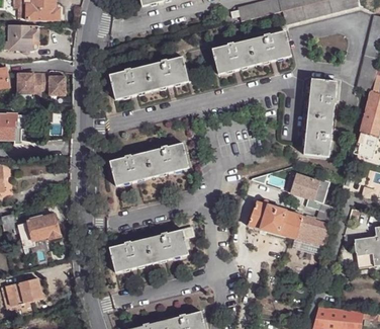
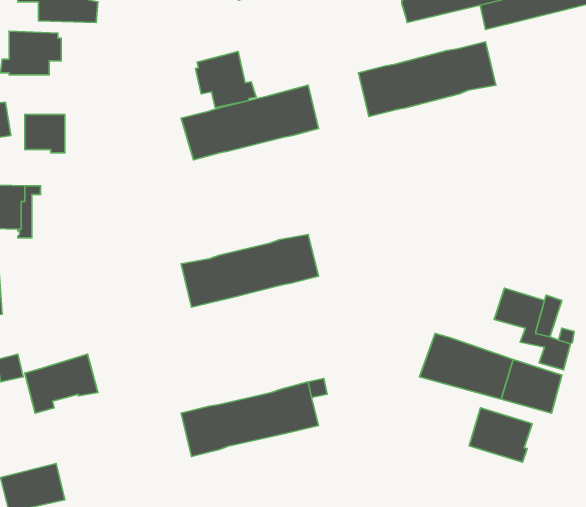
building: none -> [195,52,256,107]
building: [40,73,65,95] -> none
building: [303,78,336,156] -> none
building: none -> [469,408,532,462]

